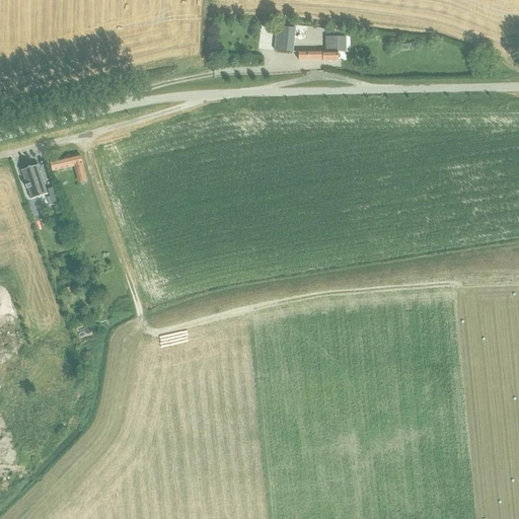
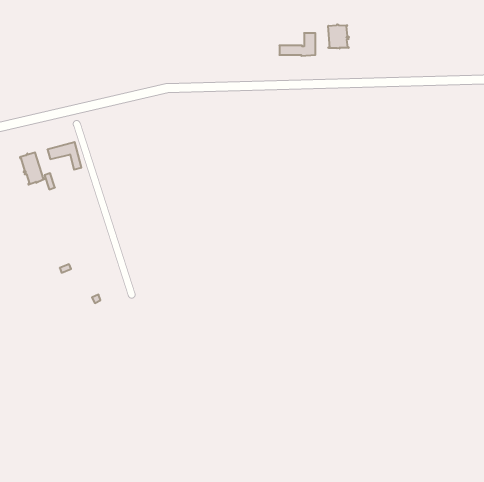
building: [275,25,295,51] -> none
building: none -> [328,24,349,49]

